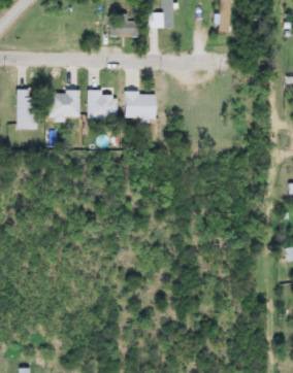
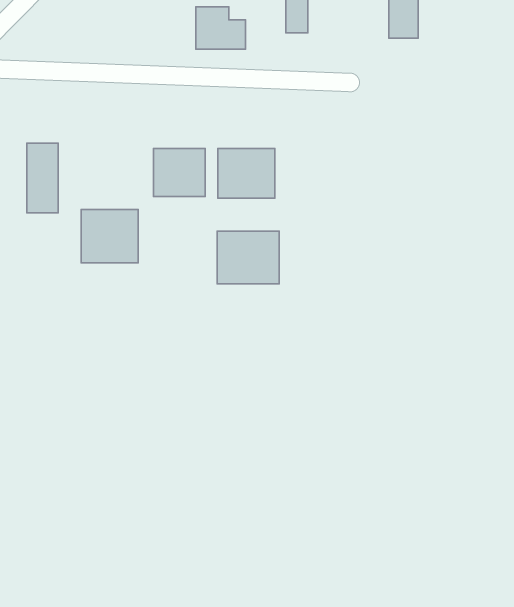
building: [48,90,80,120] -> [81,209,138,263]
building: none -> [217,231,279,284]

